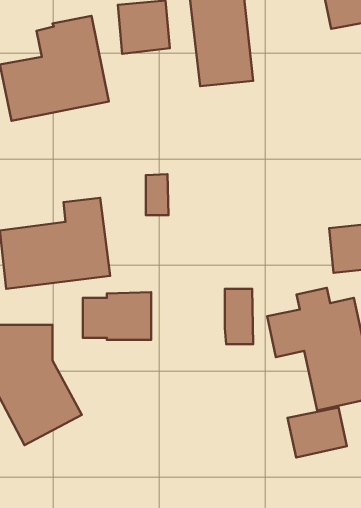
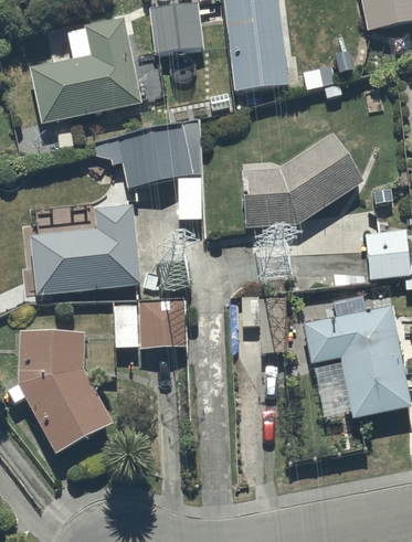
building: none -> [94,119,202,188]
building: none -> [242,132,363,226]
building: [287,407,347,457] -> none

